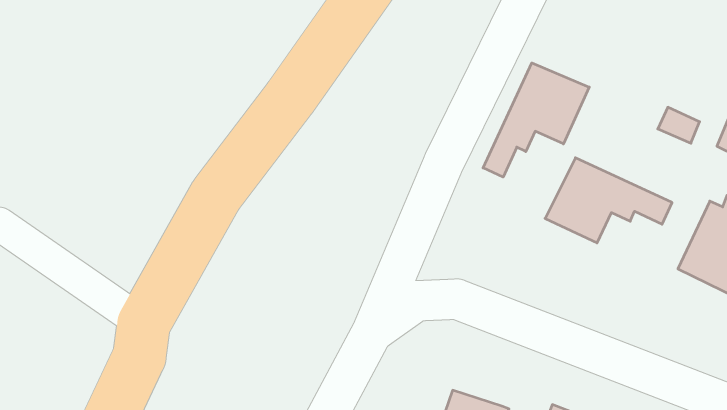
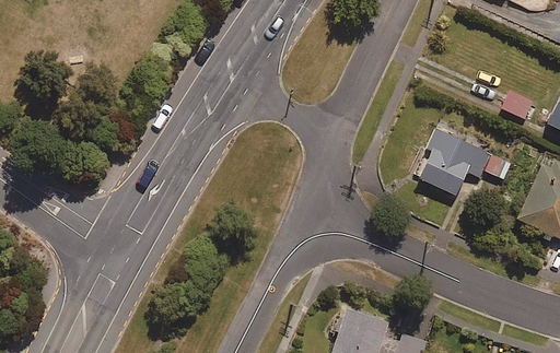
building: [483,63,589,177] -> none

